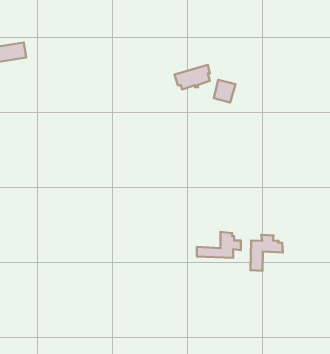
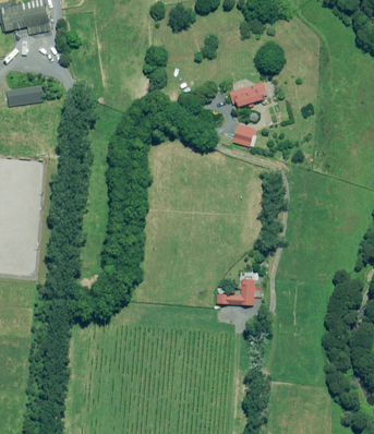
building: [175,65,210,89] -> [229,82,265,107]
building: [250,235,283,271] -> none

